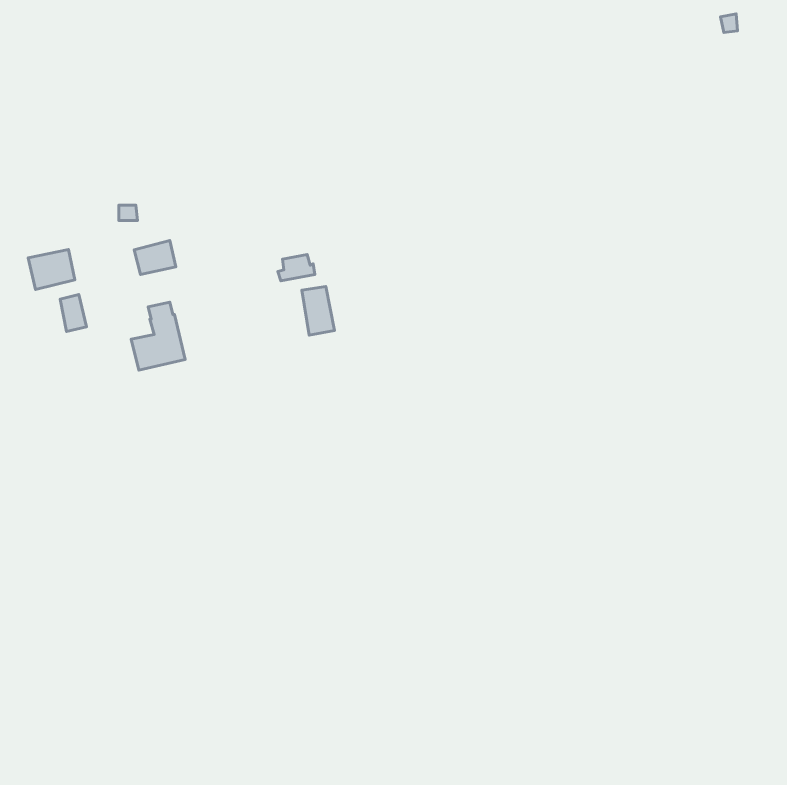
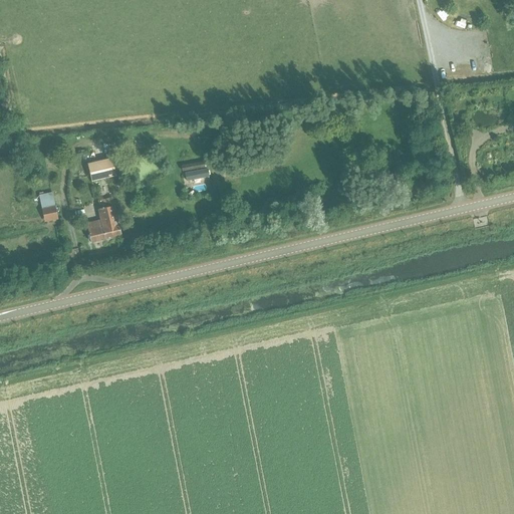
building: [28,249,75,290] -> none
building: [302,286,334,335] -> none

